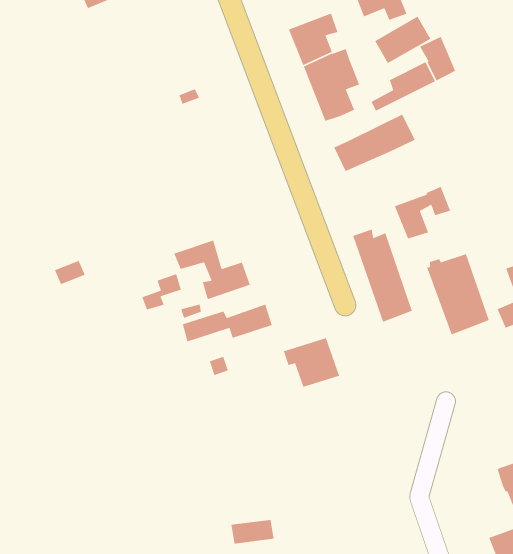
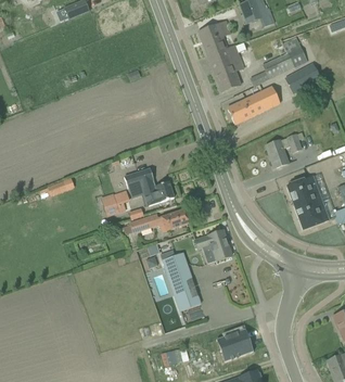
building: [374,15,431,64] -> [284,62,321,93]
building: [352,229,413,323] -> [161,250,200,310]
building: none -> [216,329,253,361]

